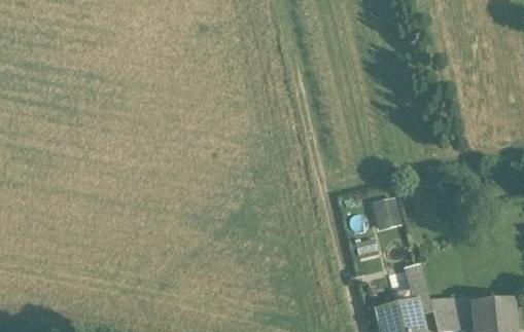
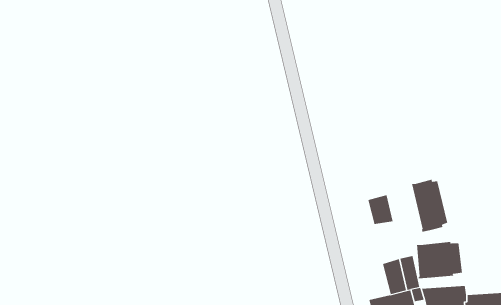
building: none -> [412,179,448,232]
building: none -> [416,241,462,279]

